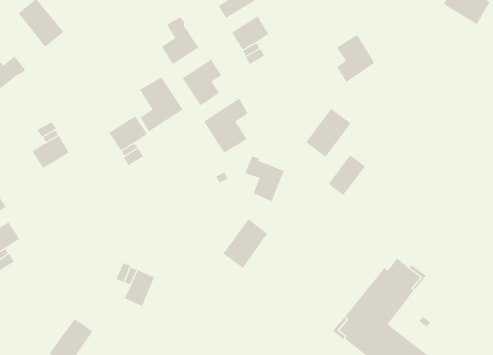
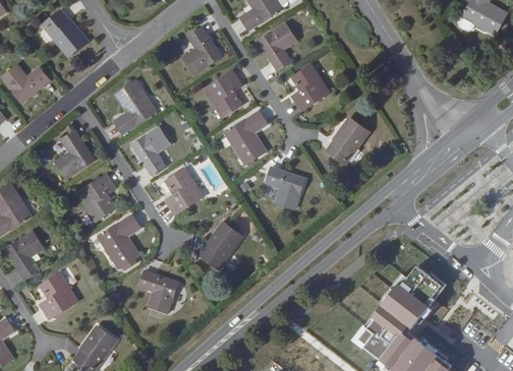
building: [336,34,375,82] -> [290,64,329,112]
building: [139,76,184,132] -> [113,80,157,135]
building: [328,154,366,196] -> none
building: none -> [165,167,204,214]
building: none -> [76,173,117,222]
building: none -> [98,213,140,269]
building: [222,218,268,269] -> [198,221,243,270]
building: none -> [39,272,77,320]

